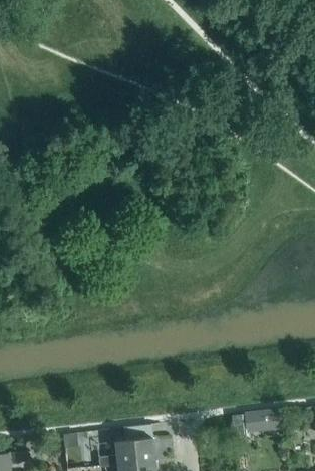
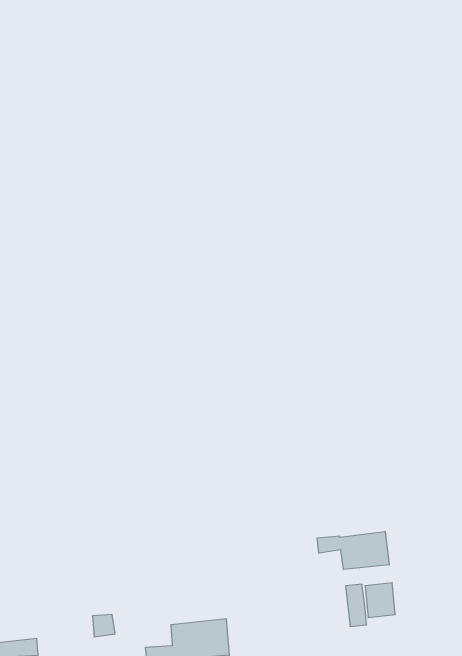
building: none -> [317,531,389,569]

